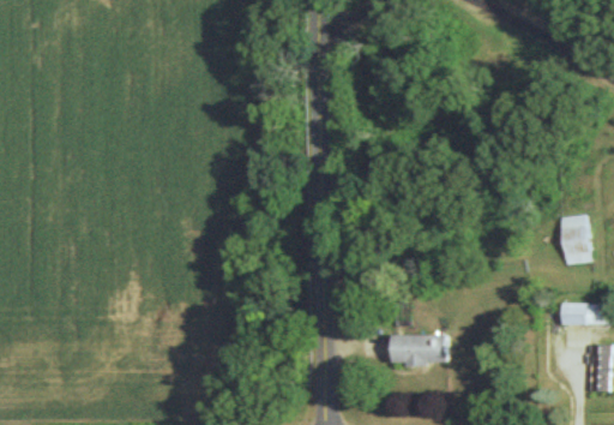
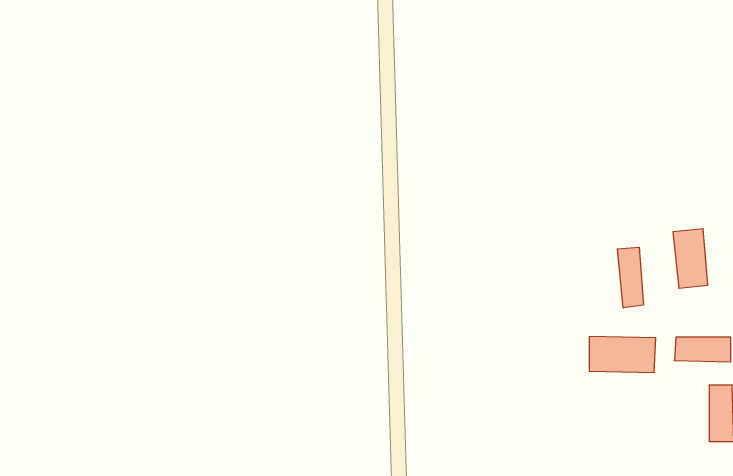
building: none -> [618,247,643,308]
building: [395,335,450,365] -> [589,336,656,372]

